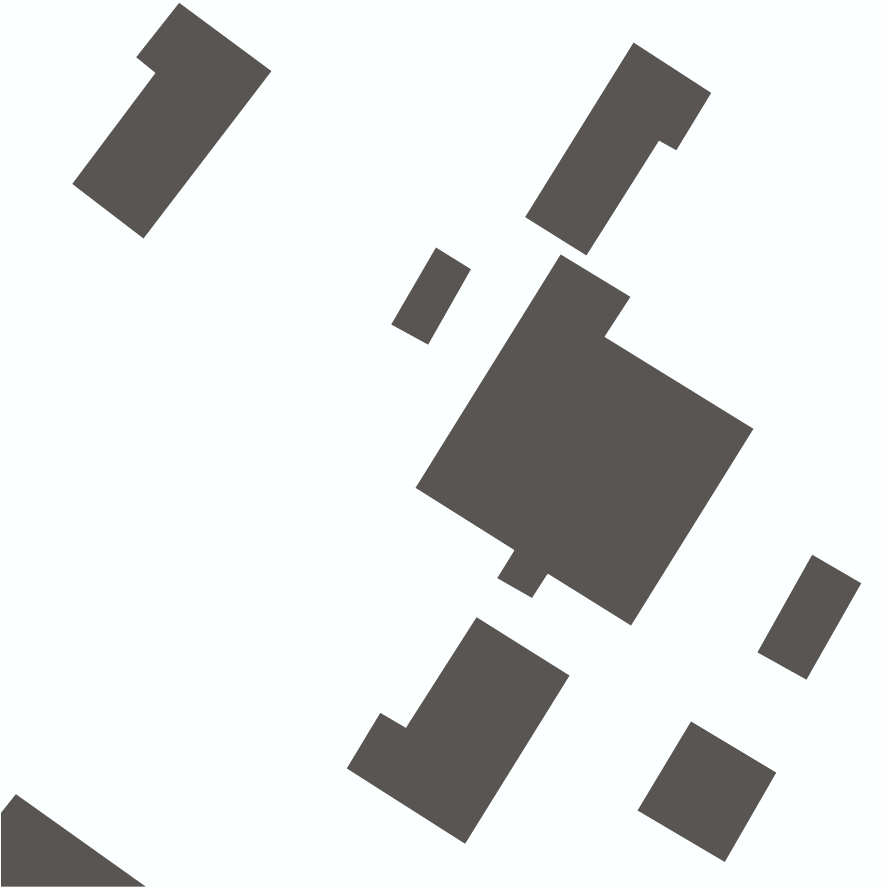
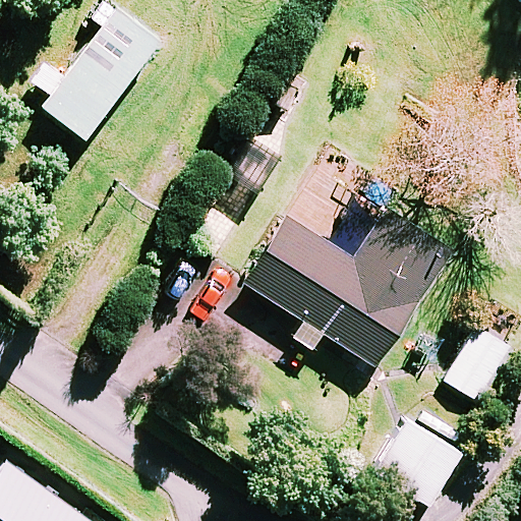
building: [524,41,712,257] -> none
building: [346,616,571,845] -> none

